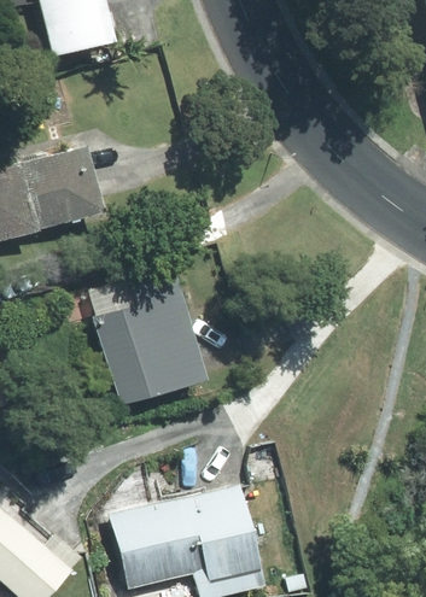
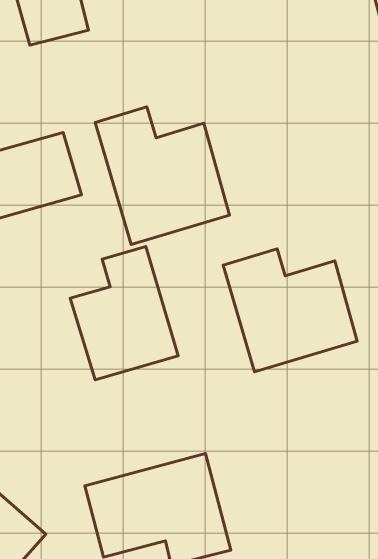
building: none -> [95,107,229,245]
building: none -> [223,249,357,372]

